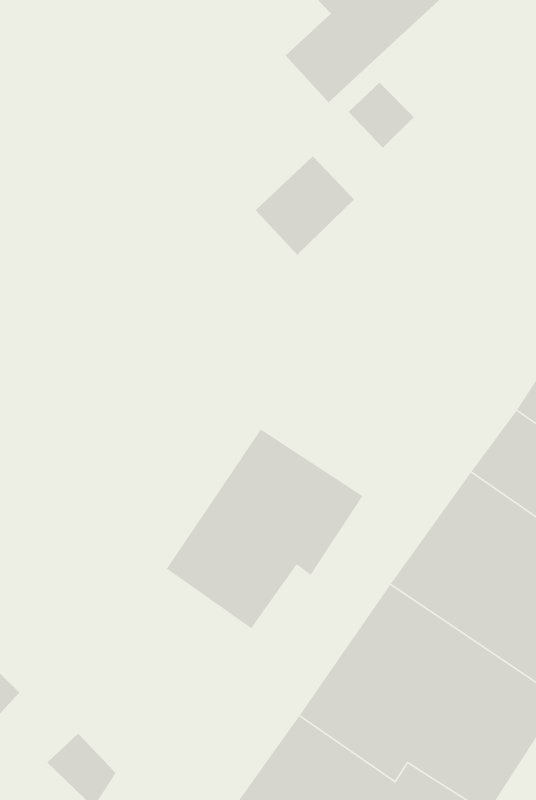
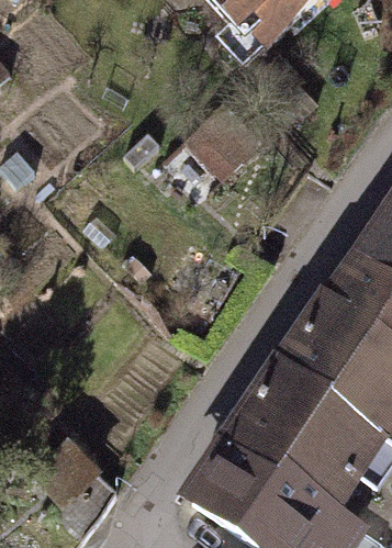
building: [166,428,364,629] -> none

